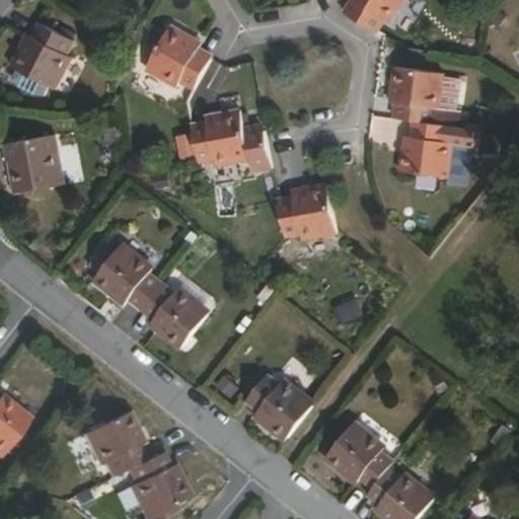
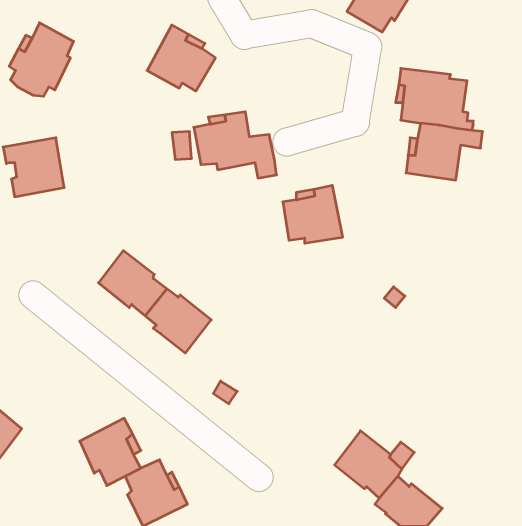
building: [244,372,312,437] -> none

